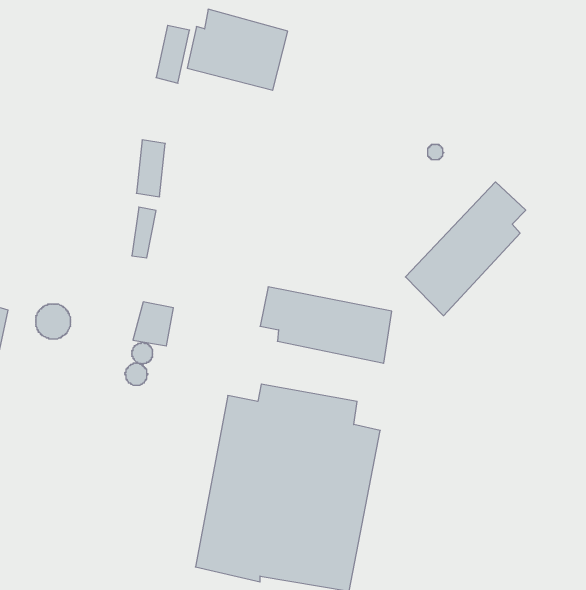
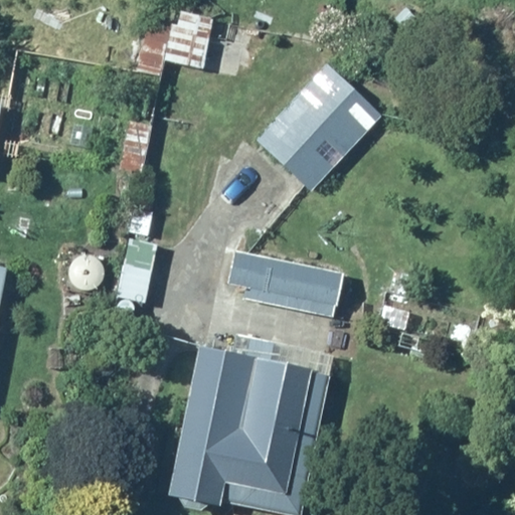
building: none -> [253,63,378,193]
building: [405,182,526,316] -> none

